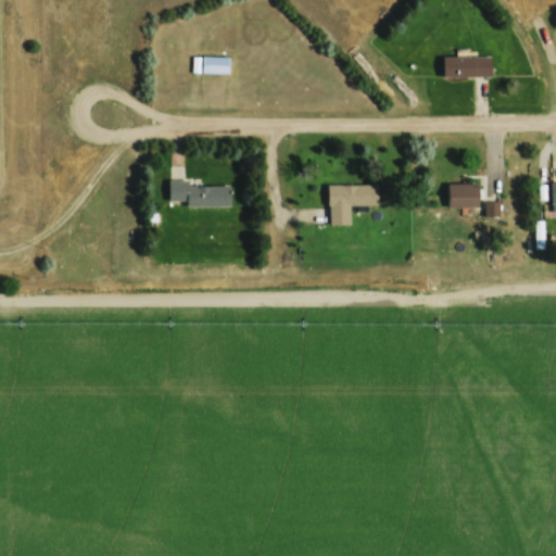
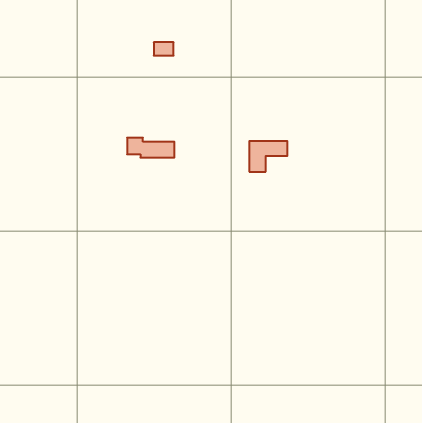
building: [443,58,493,77] -> none
building: [450,185,480,208] -> none

